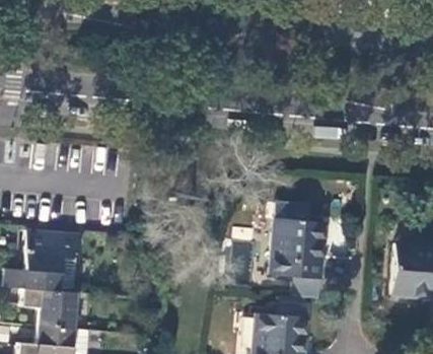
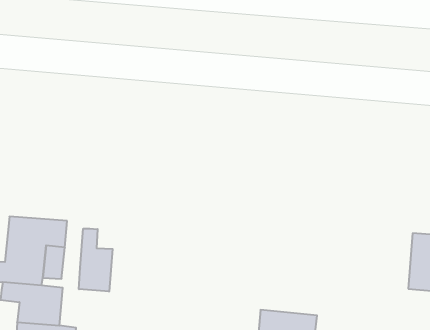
building: [270,218,327,278] -> none
building: none -> [79,229,113,292]

